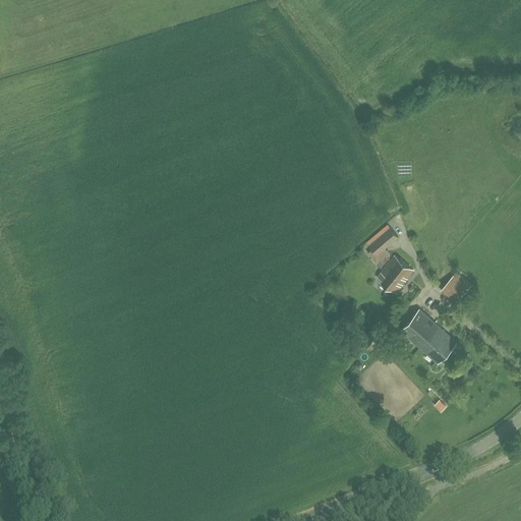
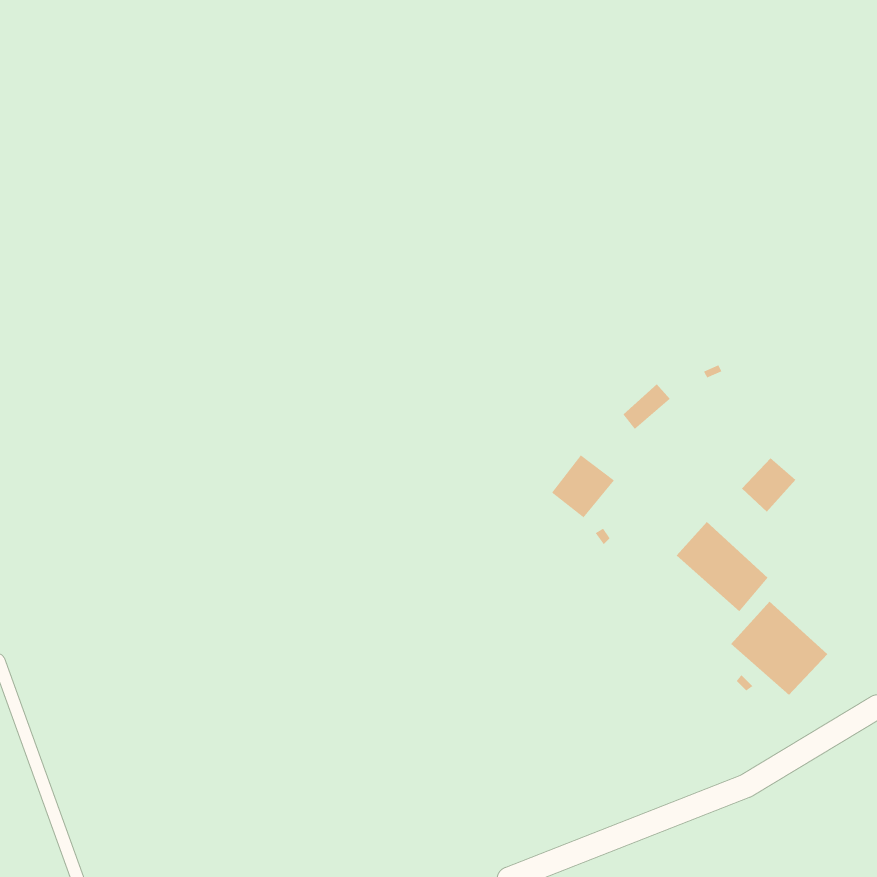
building: [375,255,413,293] -> [551,455,615,518]
building: none -> [730,601,828,696]

